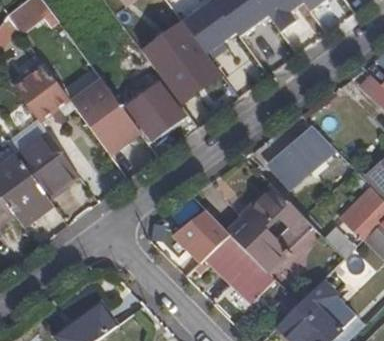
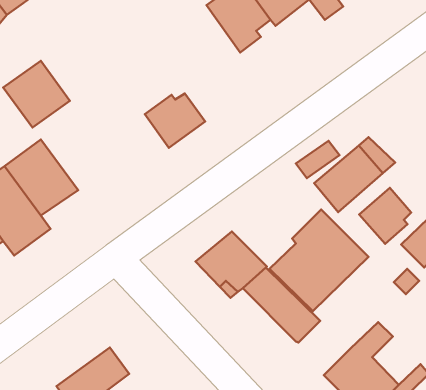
building: [140,20,216,97] -> none
building: [70,79,139,153] -> none
building: none -> [359,188,411,244]

